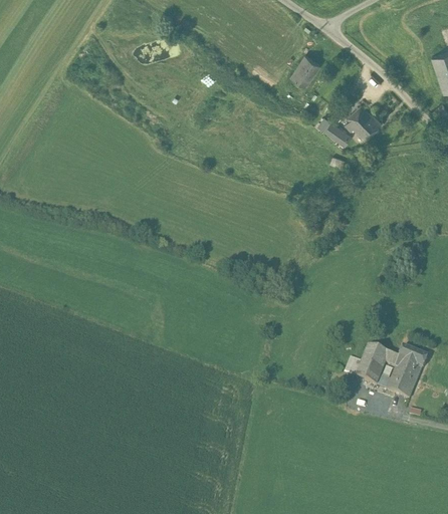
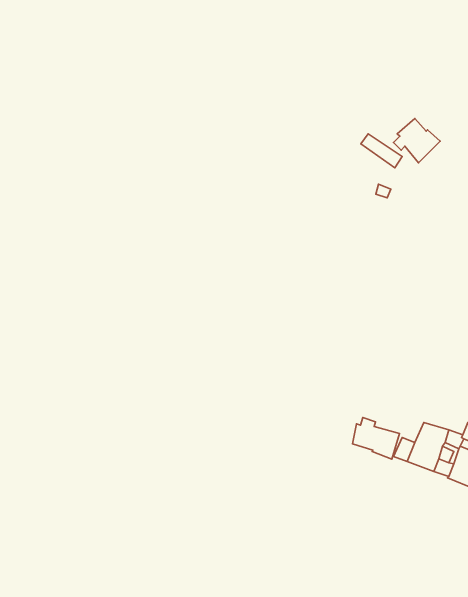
building: [290,54,320,86] -> none
building: none -> [353,418,400,459]

